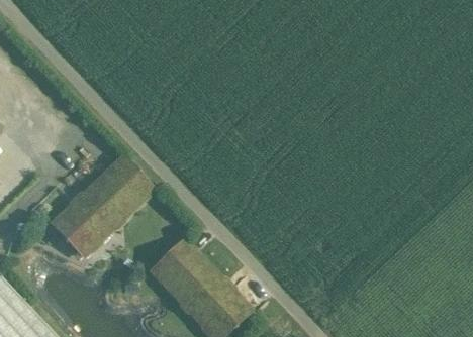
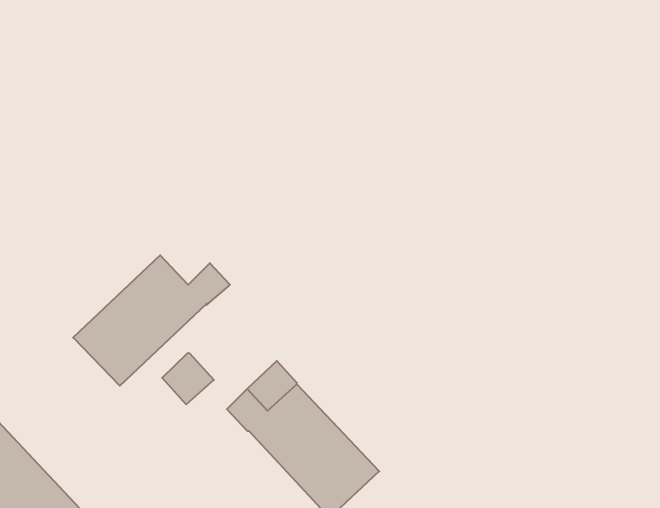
building: [107,156,139,190] -> none
building: none -> [162,353,214,404]

